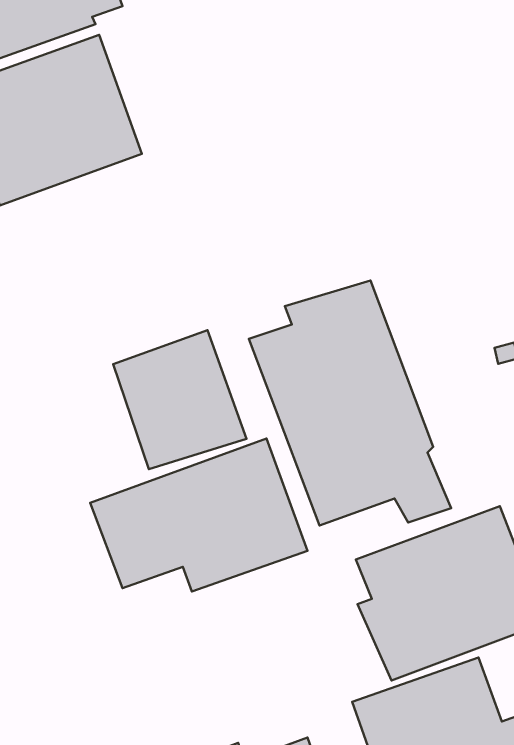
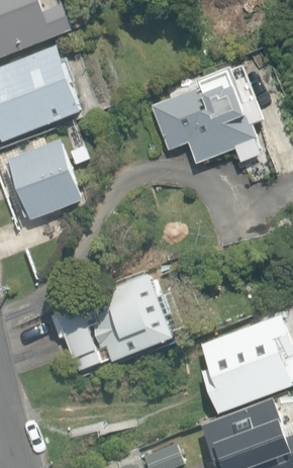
building: none -> [150,66,264,165]
building: [249,280,451,525] -> none
building: [113,330,247,469] -> [9,138,85,217]

